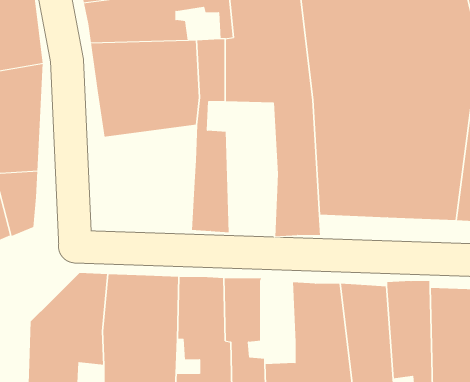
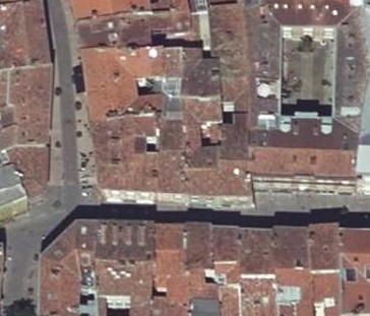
building: none -> [185,94,224,195]
building: none -> [95,112,164,190]
building: none -> [211,228,237,274]

